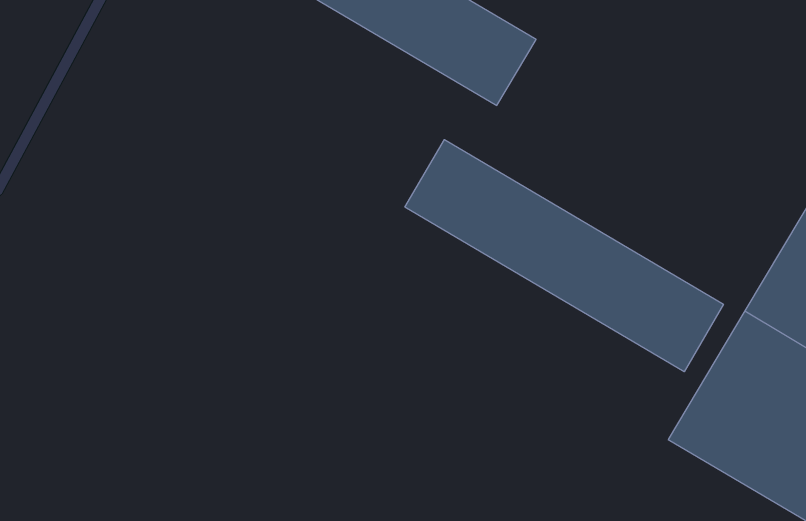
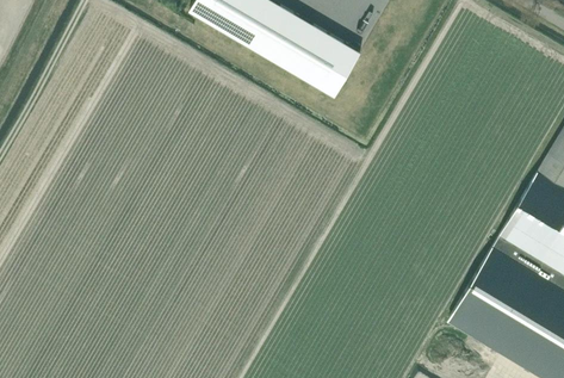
building: [405,140,723,372] -> none

